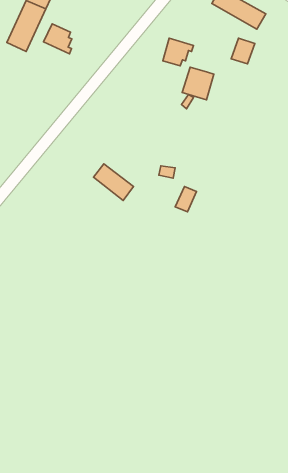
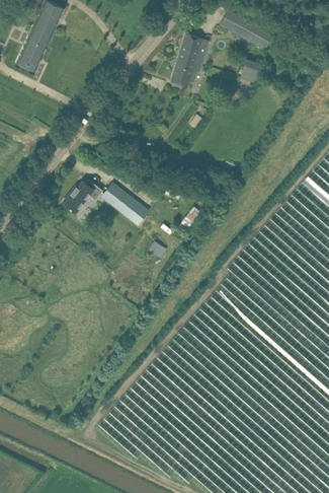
building: [44,24,72,54] -> none
building: [182,67,214,100] -> [177,33,209,66]
building: none -> [66,184,103,211]

